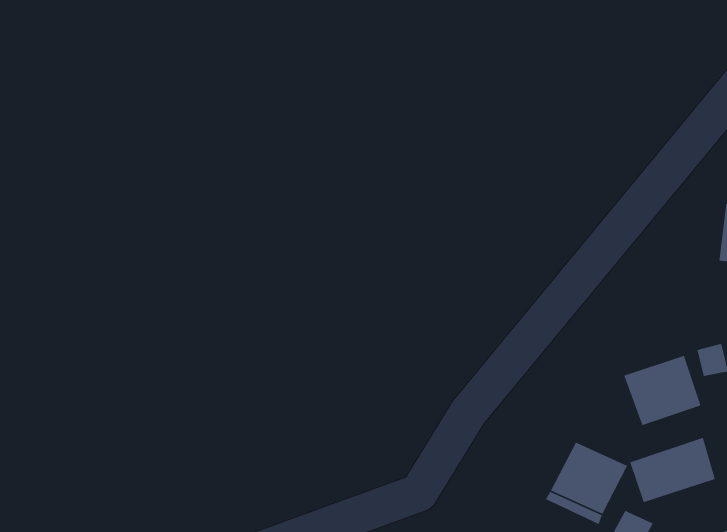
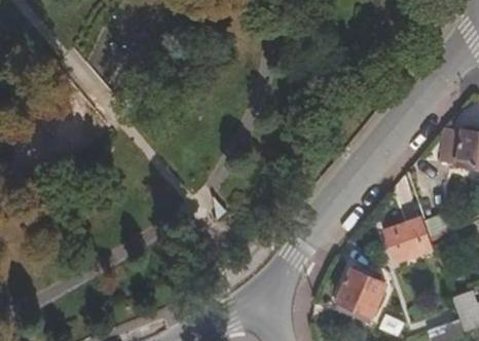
building: [629,437,716,503] -> none

